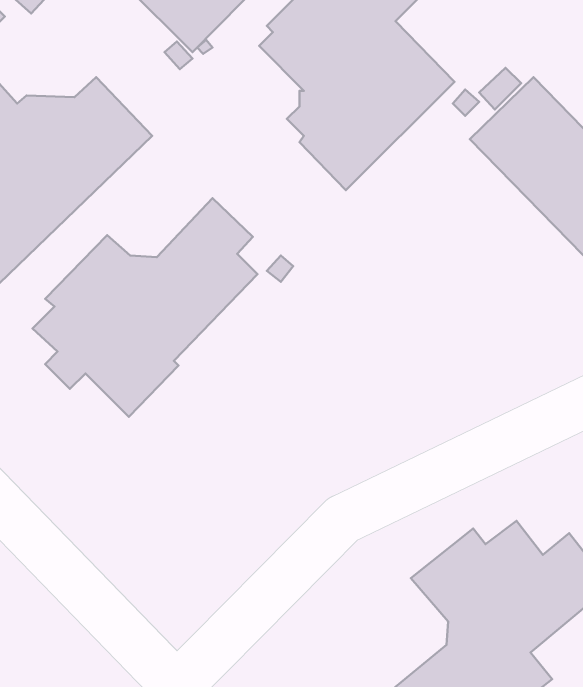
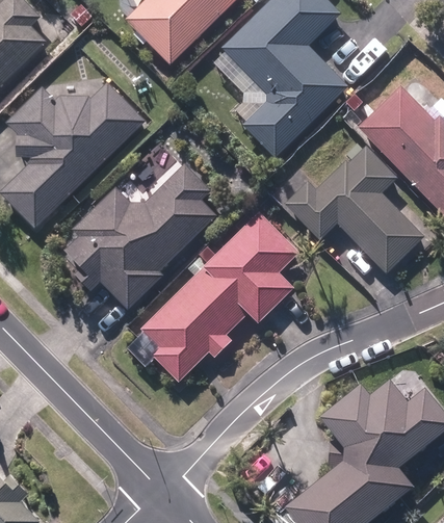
building: none -> [283,146,424,273]
building: none -> [139,212,299,383]

